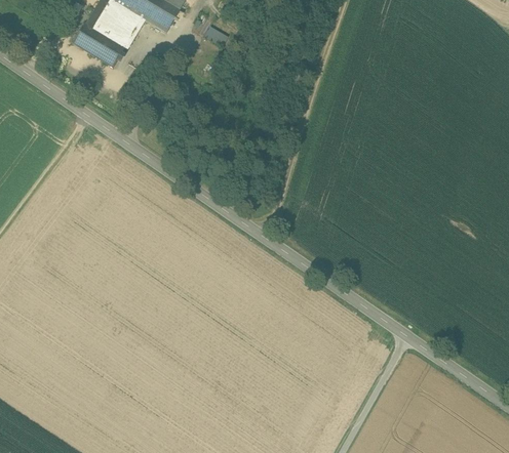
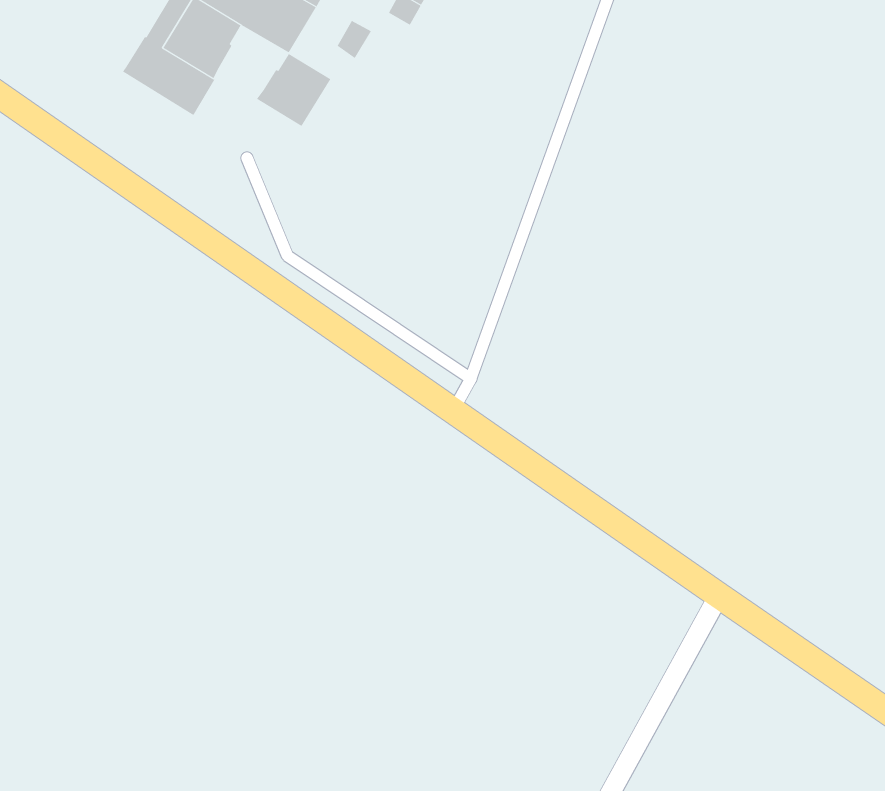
building: none -> [256,53,331,127]

